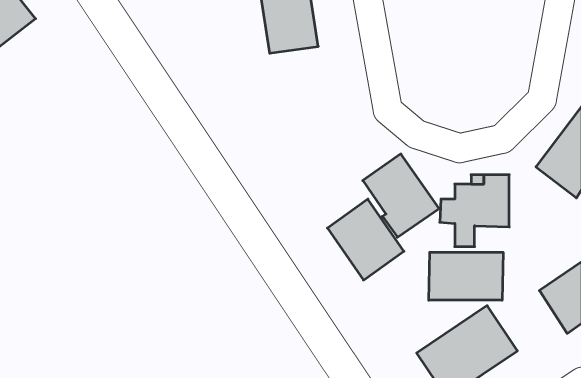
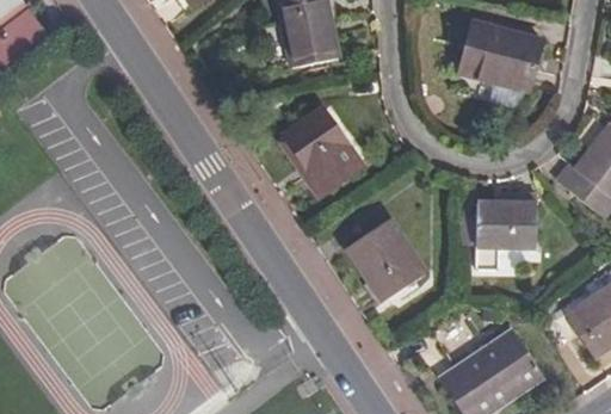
building: none -> [457,23,542,92]
building: [363,154,439,237] -> [283,110,362,196]
building: [429,252,503,300] -> none

